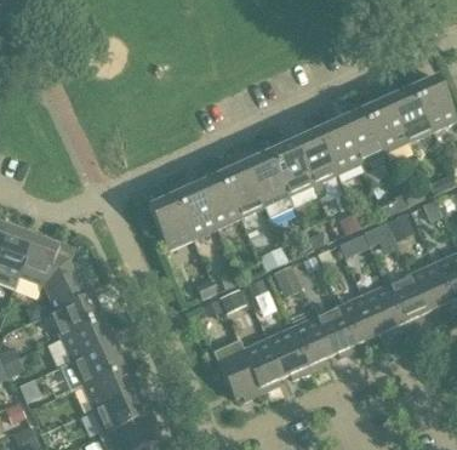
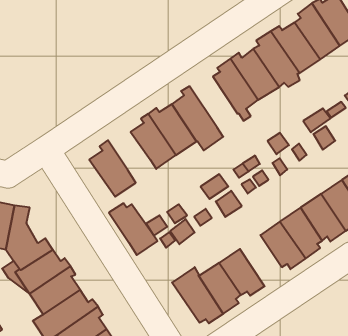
building: [267,141,313,195] -> none
building: [171,182,217,239] -> [109,203,157,255]
building: [291,317,332,371] -> none

